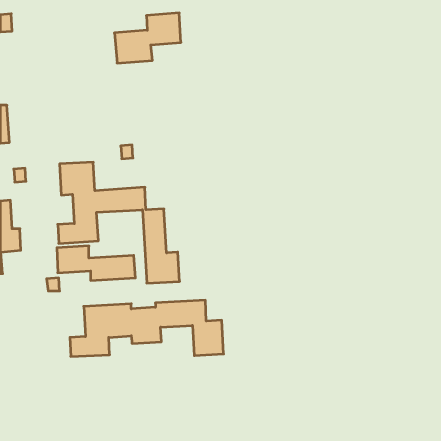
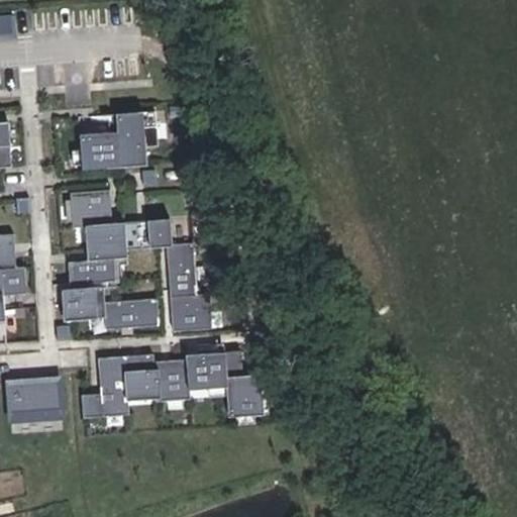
building: [114,13,181,63] -> [79,111,157,170]
building: none -> [7,379,61,414]

